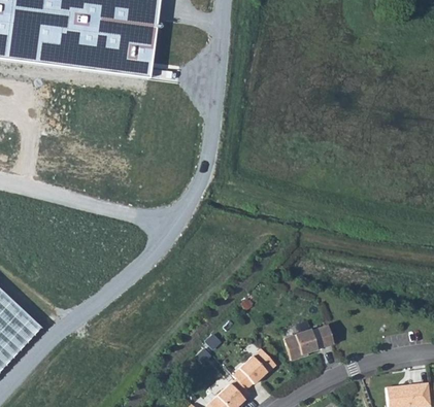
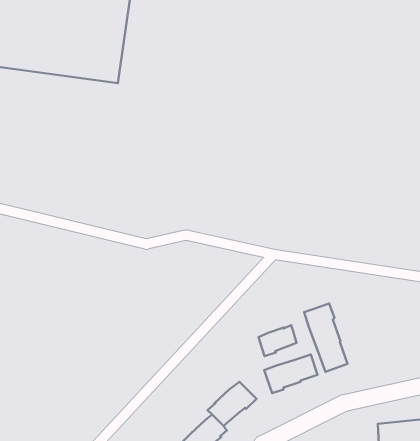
building: none -> [304,304,348,372]
building: none -> [259,325,297,356]

